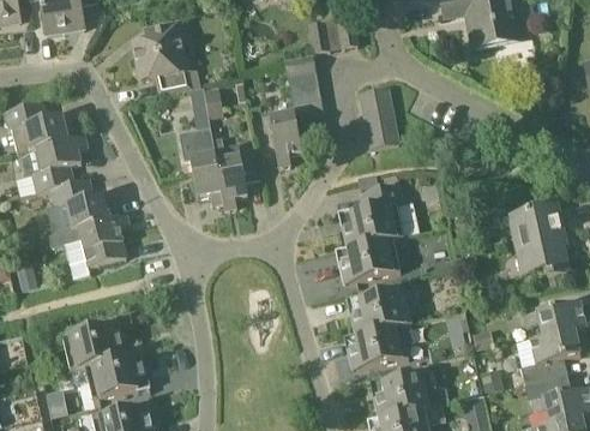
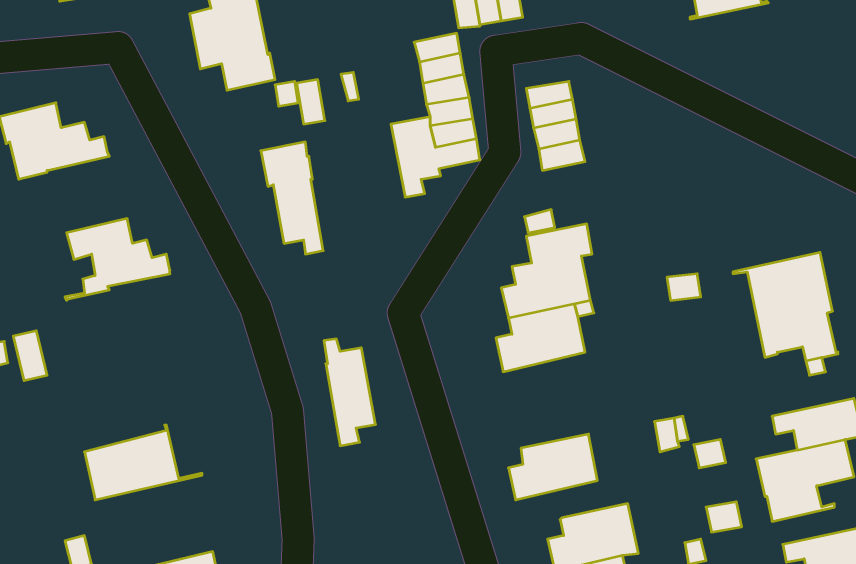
building: [18,134,91,192] -> none
building: [213,137,248,209] -> [324,339,376,446]
building: [50,214,130,267] -> none
building: [351,289,413,335] -> none
building: [70,353,146,399] -> none

